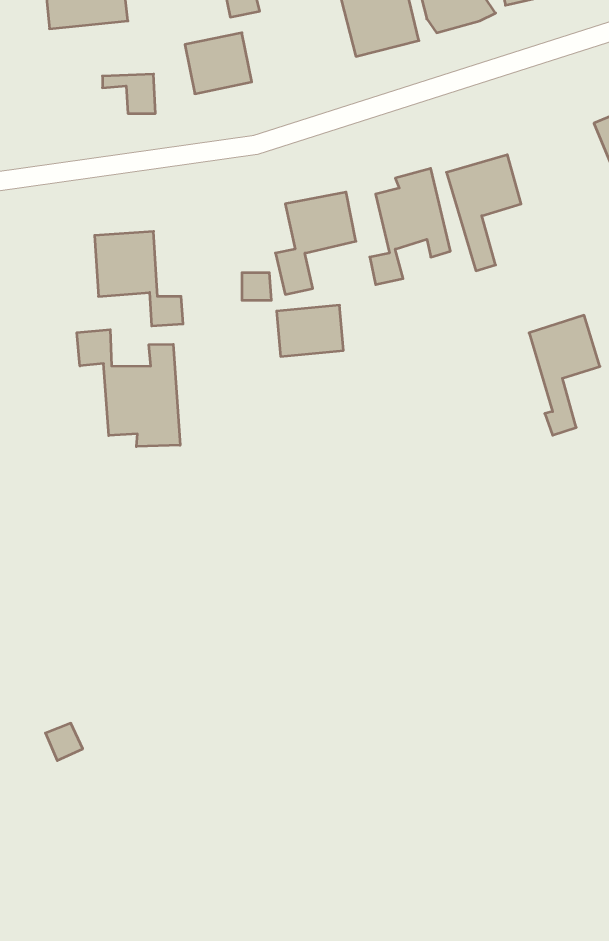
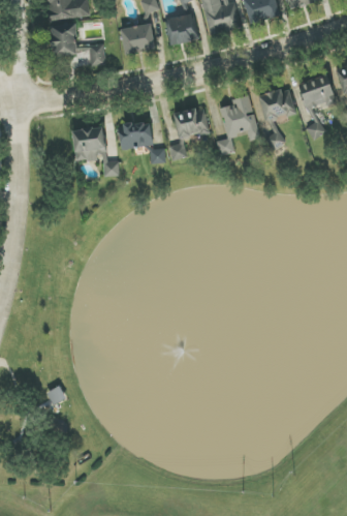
building: none -> [166,13,198,43]
building: none -> [49,22,77,56]
building: [277,305,343,356] -> [118,121,153,148]
building: [529,315,600,435] -> [298,73,336,136]
building: [77,330,180,447] -> none

